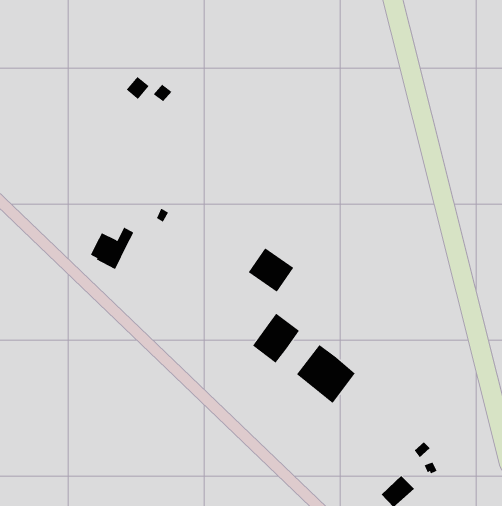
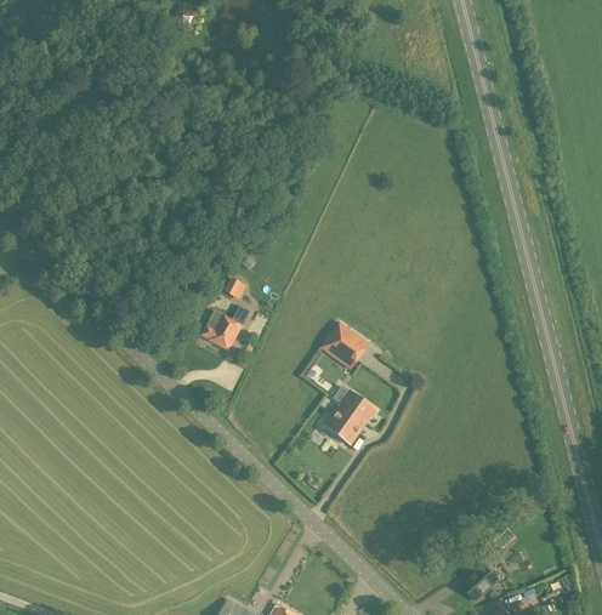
building: [90,227,134,270] -> [201,304,249,351]
building: [296,344,356,404] -> none

